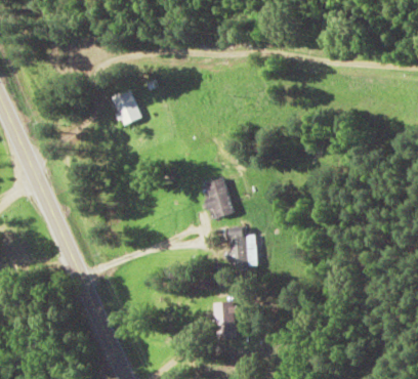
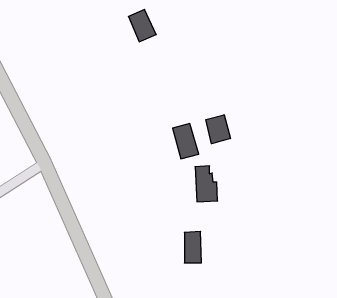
building: [111,89,142,126] -> [128,9,156,42]
building: none -> [206,115,230,144]

